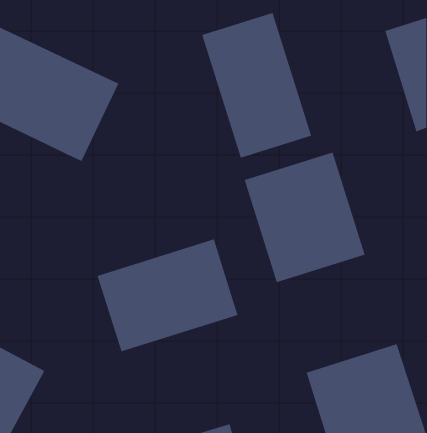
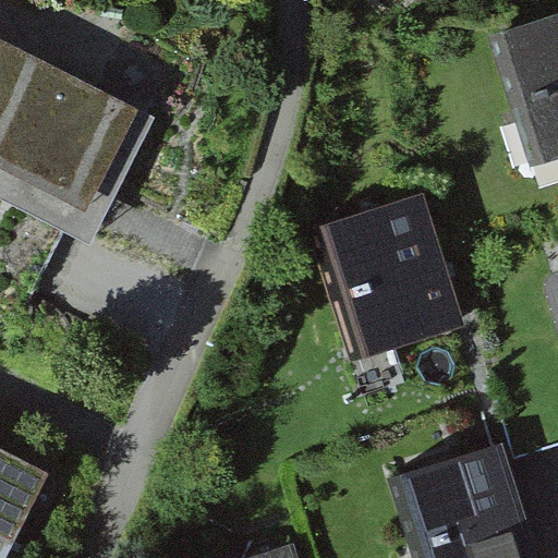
building: [202,12,312,158] -> none
building: [97,239,238,352] -> none

